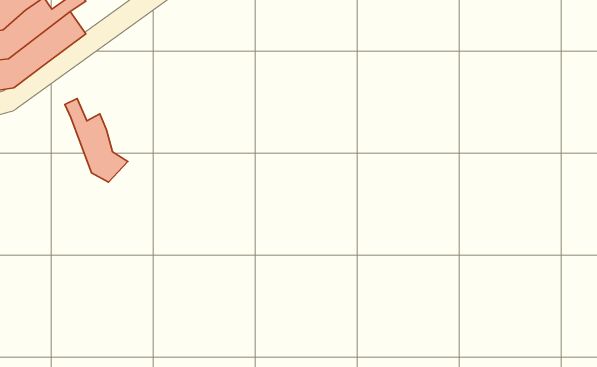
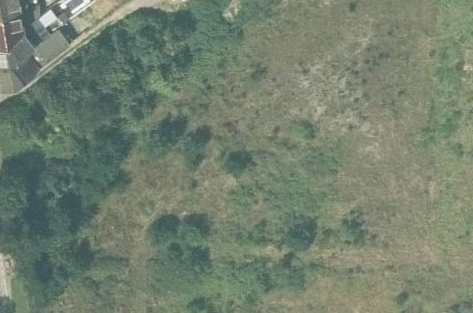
building: [65,99,128,182] -> none

